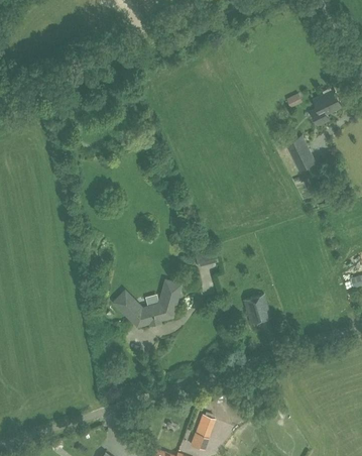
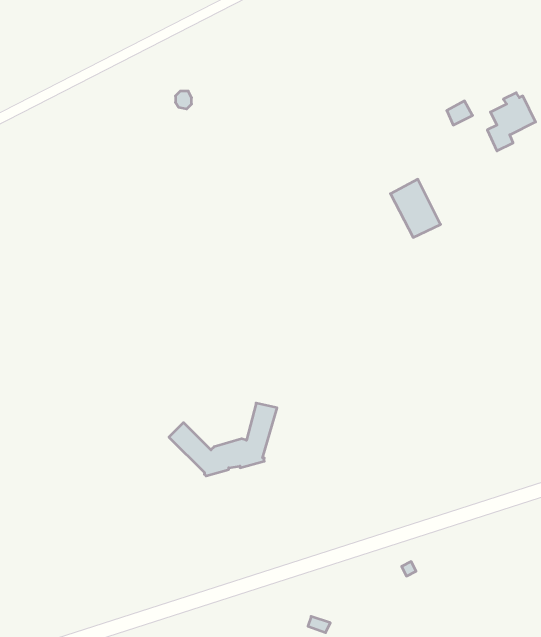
building: [284,134,316,170] -> [390,179,441,237]
building: [243,294,270,324] -> none

